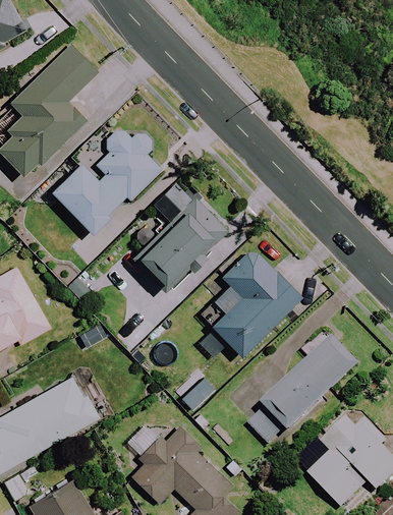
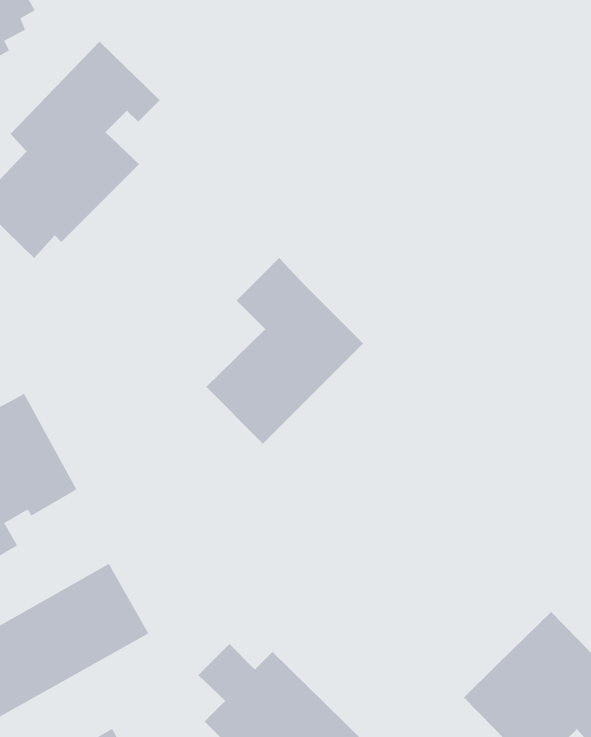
building: [51,124,169,237] -> none
building: [201,247,300,357] -> none
building: [247,330,364,450] -> none

